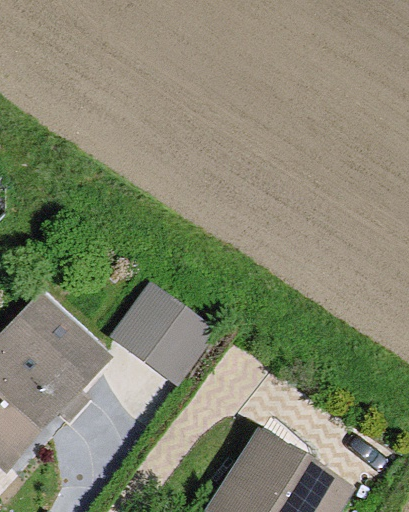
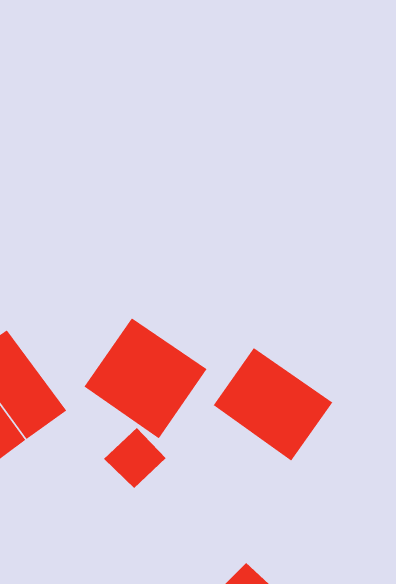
building: none -> [213,347,333,461]

